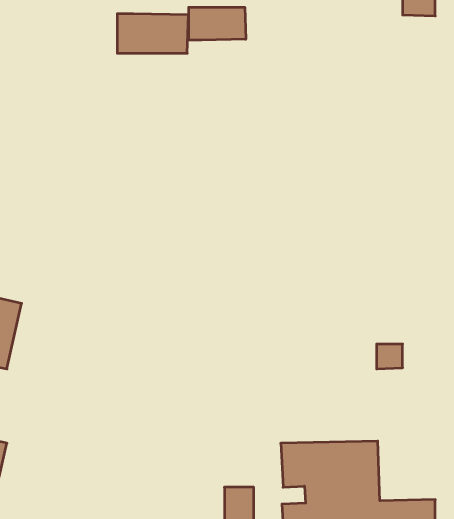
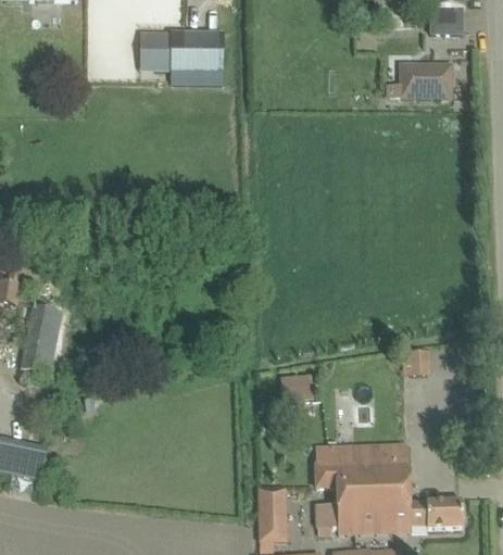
building: [189,7,246,40] -> none
building: none -> [401,64,448,87]
building: none -> [280,374,312,403]

